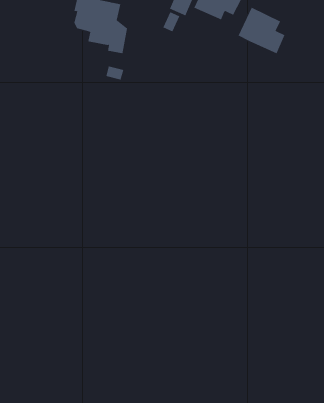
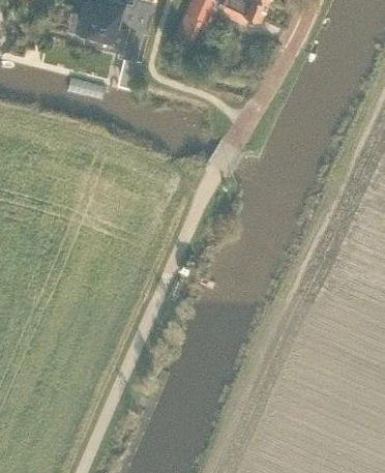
building: [238,7,285,54] -> none

